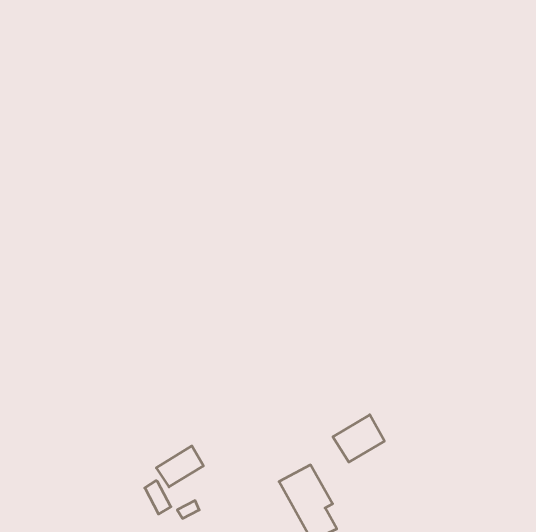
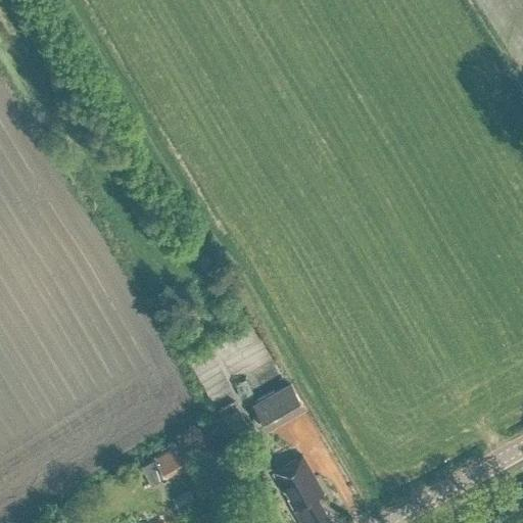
building: [333,415,384,462] -> [252,385,302,431]

